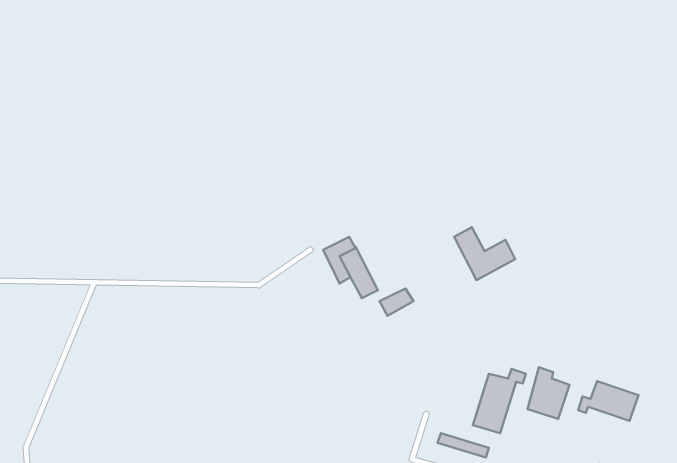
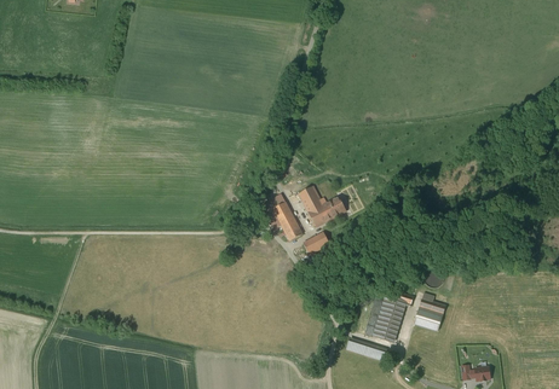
building: [454,227,515,280] -> [299,187,345,227]
building: [578,381,639,421] -> none

